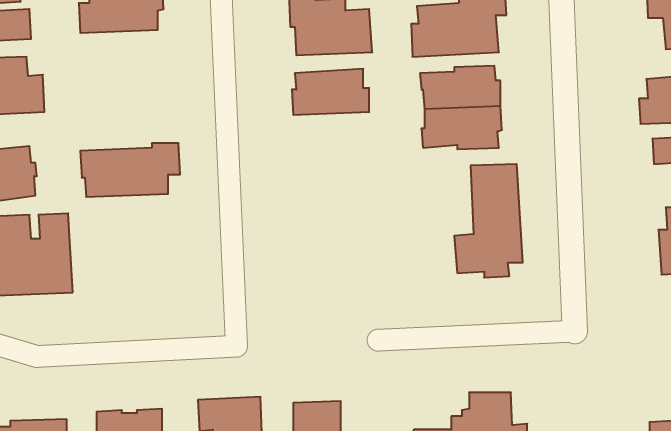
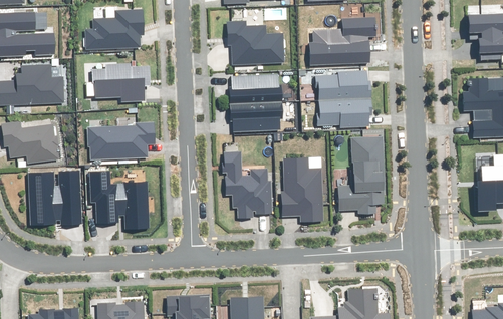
building: none -> [92,64,150,101]
building: none -> [231,102,283,131]
building: none -> [223,151,271,218]
building: none -> [282,157,323,222]
building: none -> [90,172,149,229]

